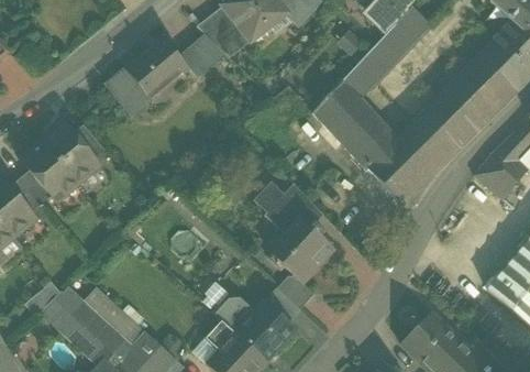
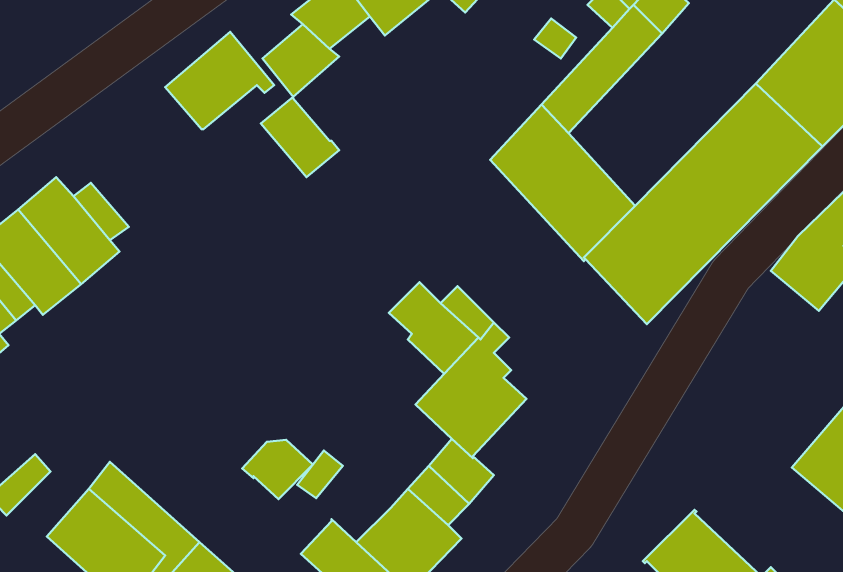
building: [108,69,153,116] -> [261,97,339,177]
building: [40,286,82,329] -> none
building: [216,298,256,332] -> [242,440,313,499]

